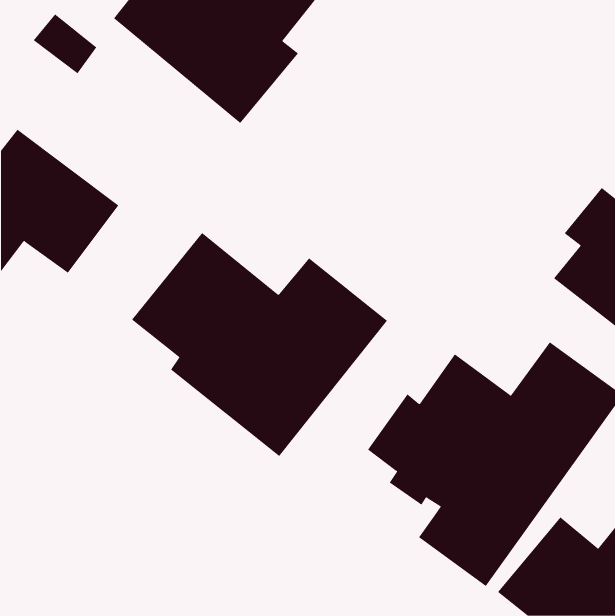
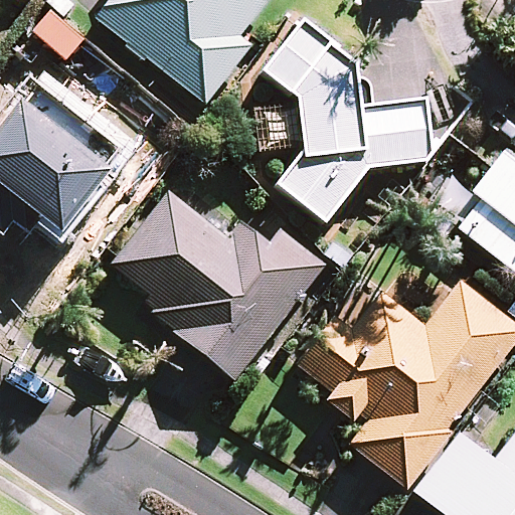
building: none -> [247,24,428,221]

